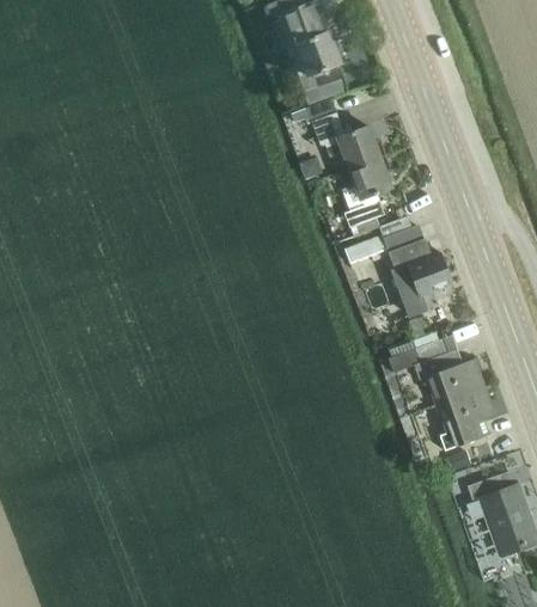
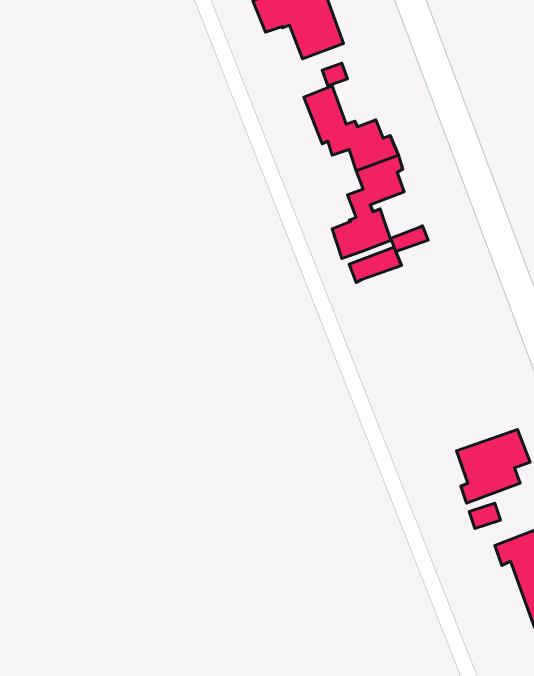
building: [389,243,454,315] -> none
building: [388,337,487,406] -> none

